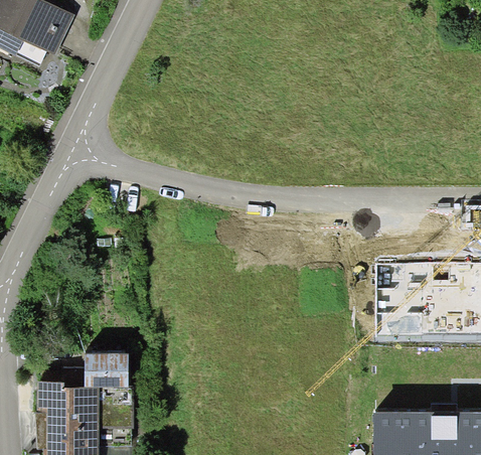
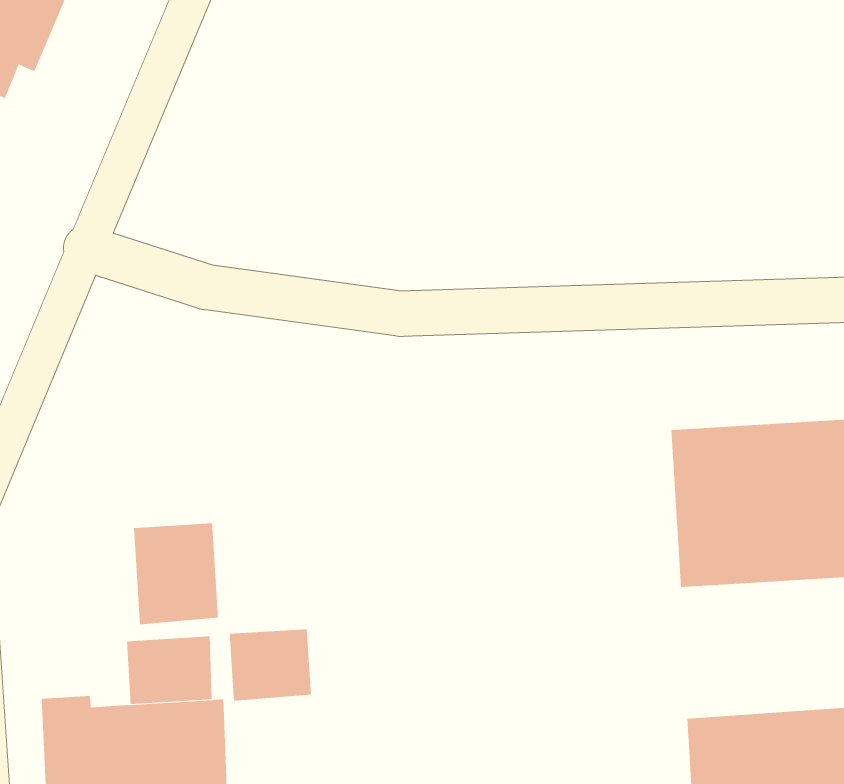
building: none -> [133,523,218,625]
building: none -> [229,628,311,702]

